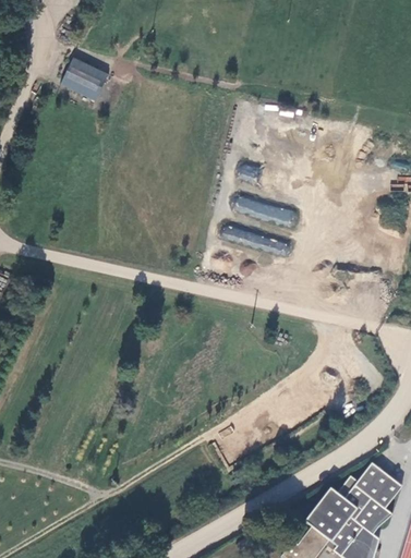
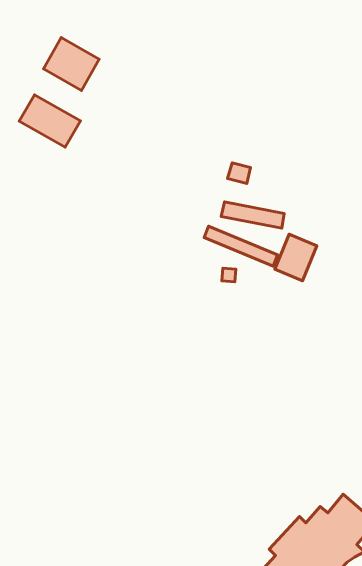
building: none -> [19,95,80,147]
building: none -> [275,234,317,281]

